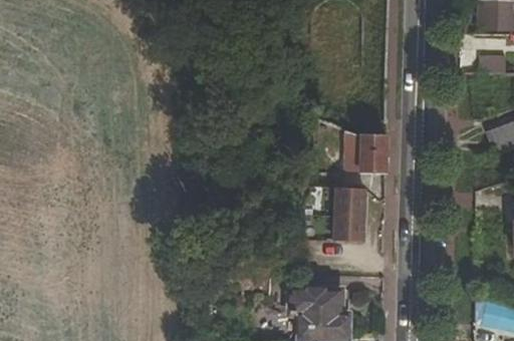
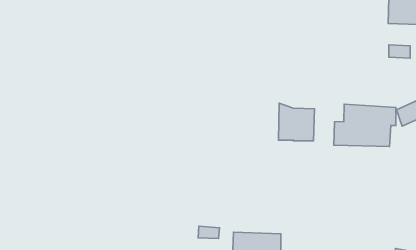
building: none -> [334,104,396,146]
building: [335,189,364,240] -> none

